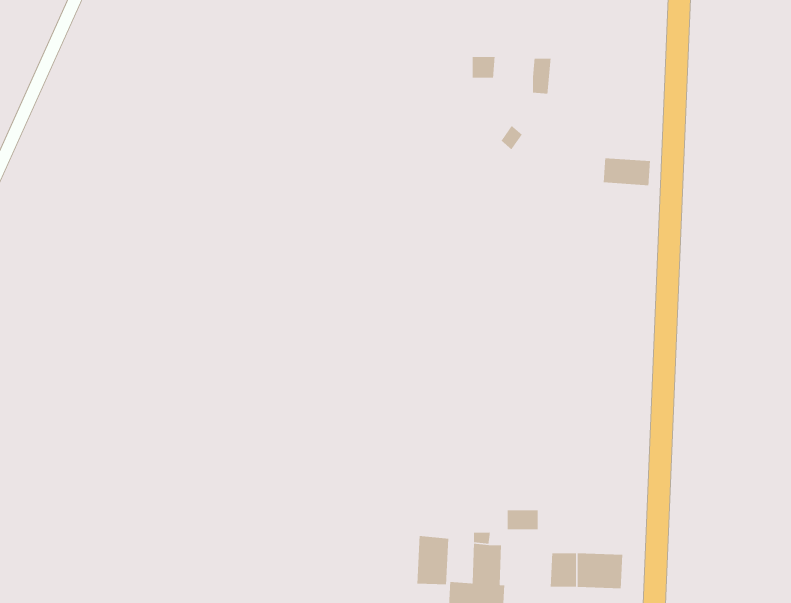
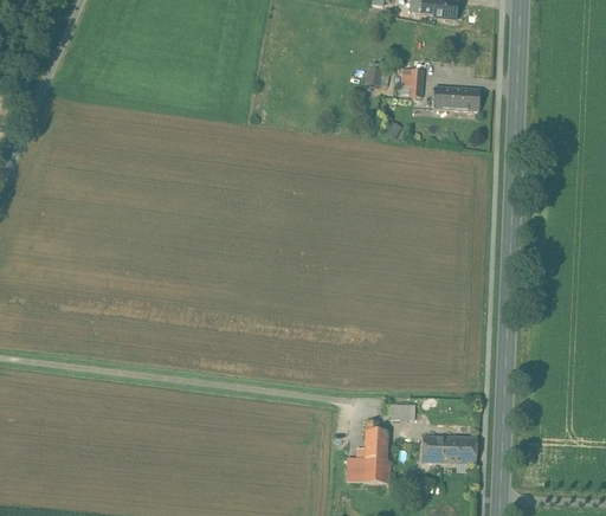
building: [603,157,651,186] -> [441,91,477,112]
building: [416,535,449,585] -> none

